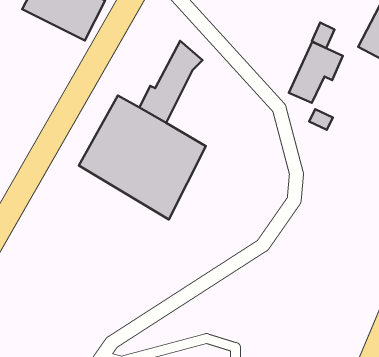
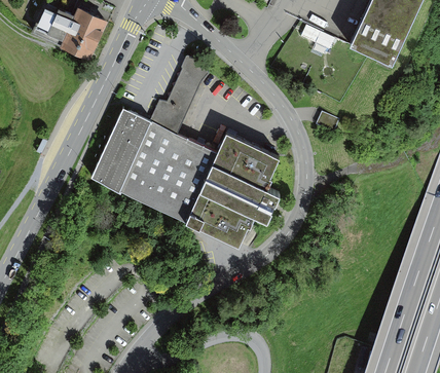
building: [289,42,343,103] -> none
building: none -> [183,135,277,251]

